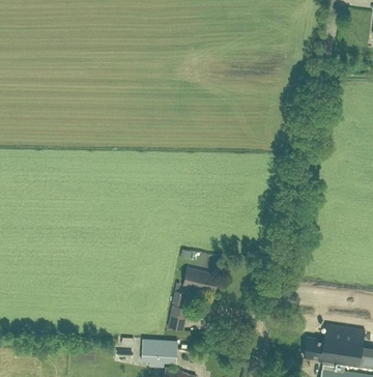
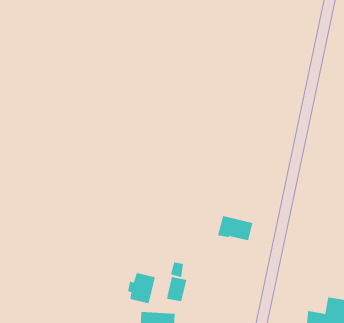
building: [181,267,217,292] -> [217,215,253,241]
building: none -> [127,272,155,304]

